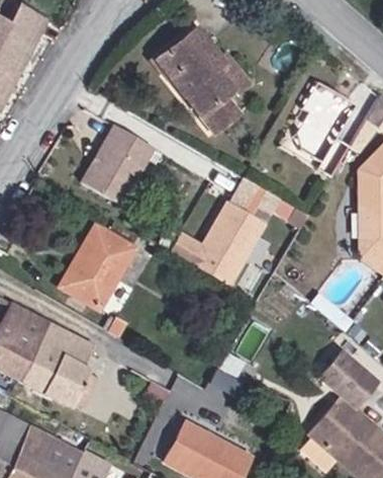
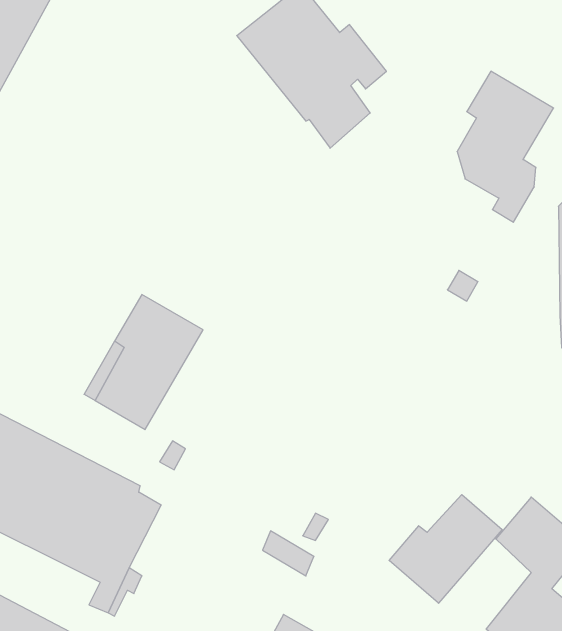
building: [79,126,151,205] -> none
building: [169,180,279,286] -> none
building: none -> [389,495,502,603]

